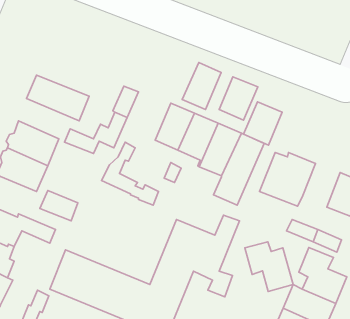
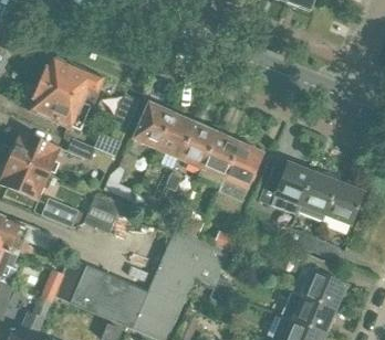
building: none -> [39,57,103,107]
building: [182,63,221,110] -> [133,102,171,148]
building: [219,77,258,120] -> none
building: [243,102,282,145] -> none
building: none -> [301,171,339,214]
building: none -> [83,192,121,232]
building: [245,242,293,291] -> none

